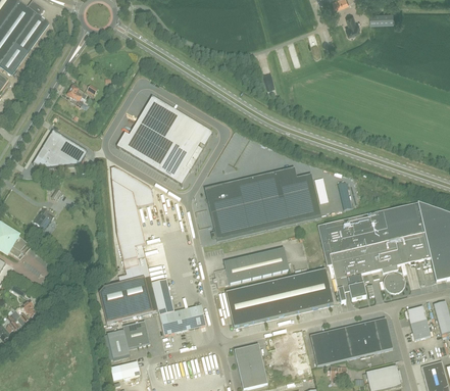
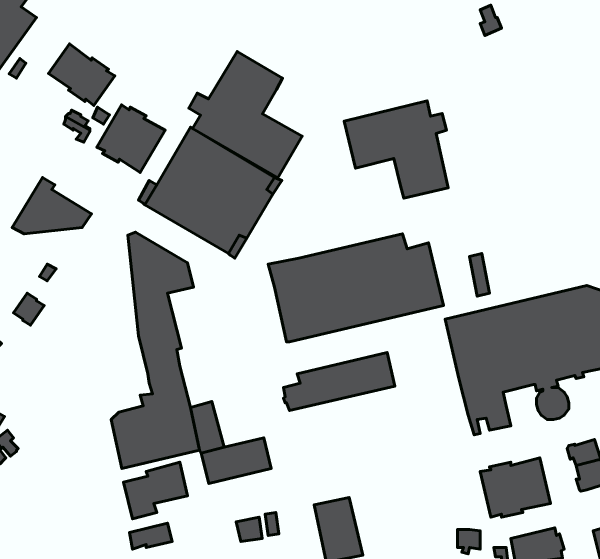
building: none -> [48,44,115,105]
building: none -> [189,51,302,178]
building: none -> [344,101,448,198]
building: none -> [97,105,165,172]
building: [224,268,333,327] -> none
building: [309,327,352,365] -> none

